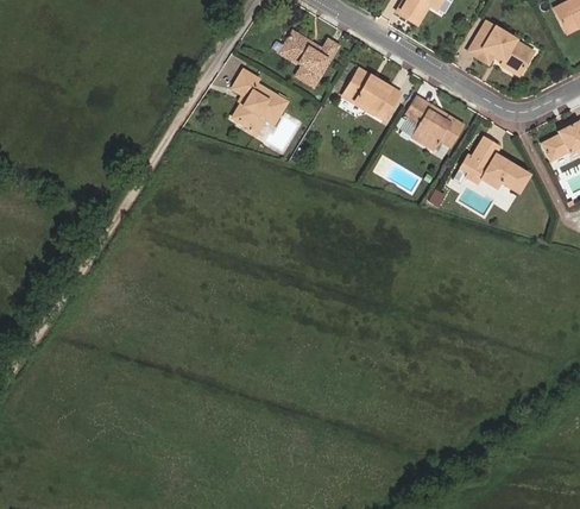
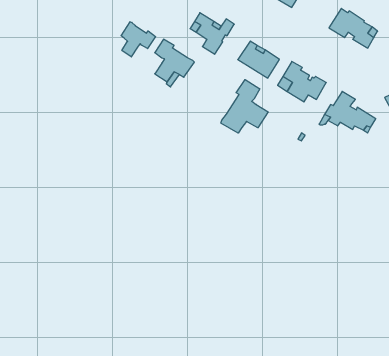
building: none -> [121,22,156,57]
building: none -> [221,80,268,133]

